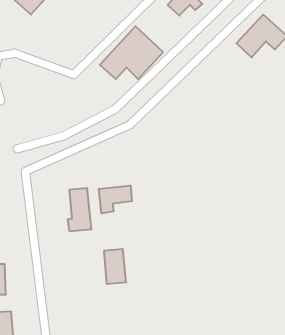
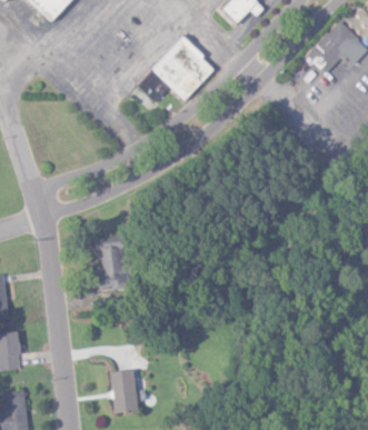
building: [99,185,132,214] -> none
building: [104,249,126,284] -> [111,369,139,412]

